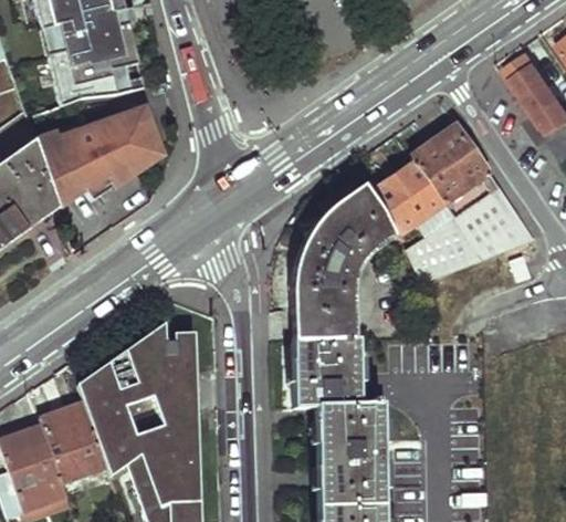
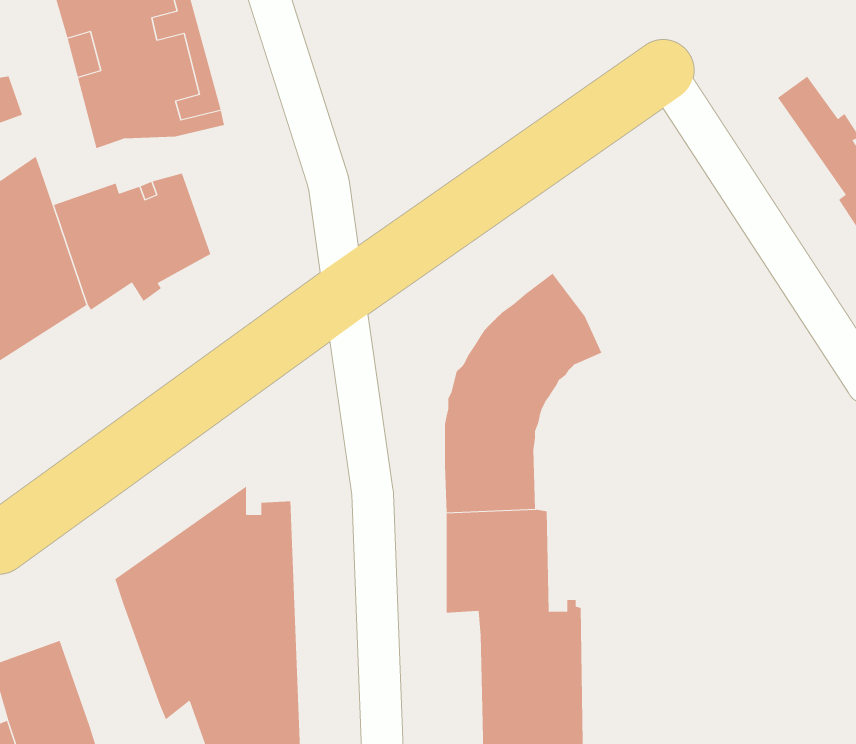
building: [123,109,161,173] -> none
building: [376,125,537,279] -> none
building: [40,400,107,480] -> none

